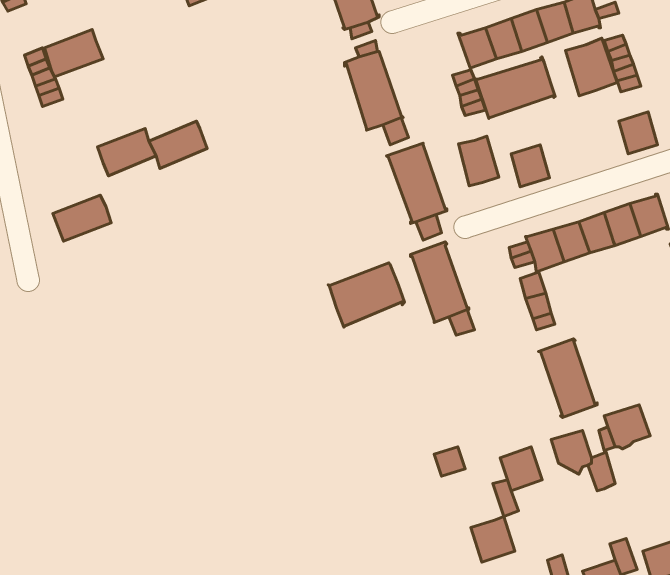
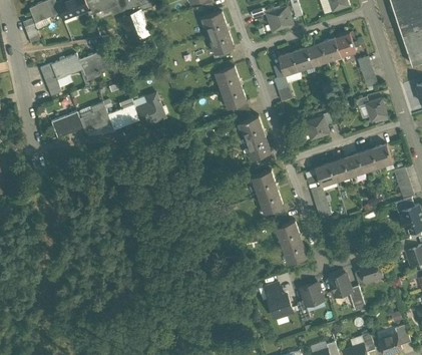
building: none -> [78,50,110,75]
building: [566,38,617,96] -> none
building: [475,57,555,119] -> none
building: none -> [135,93,164,125]
building: [459,136,499,186] -> none
building: [53,195,111,241] -> [50,112,82,137]
building: [328,263,405,327] -> none
building: [539,339,597,418] -> [275,222,307,265]
building: [471,516,515,562] -> [268,293,292,318]

